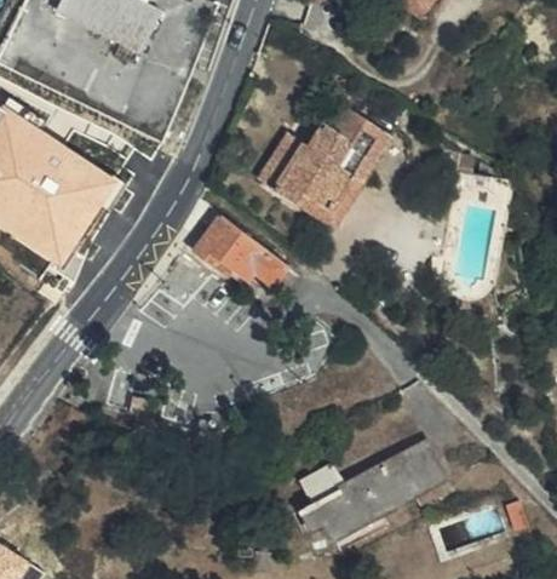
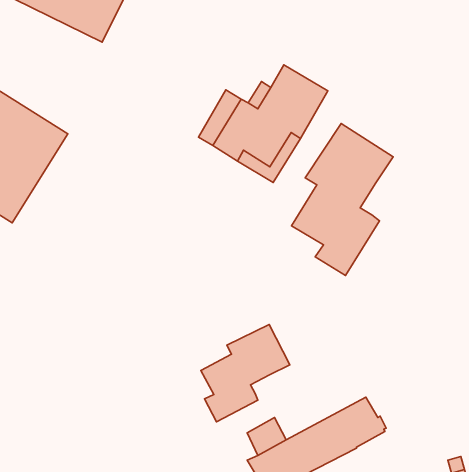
building: none -> [292,124,393,275]
building: [191,213,285,282] -> none
building: none -> [201,324,290,422]

